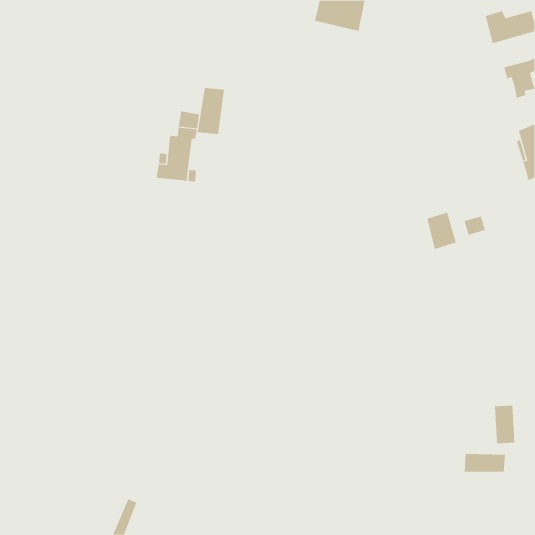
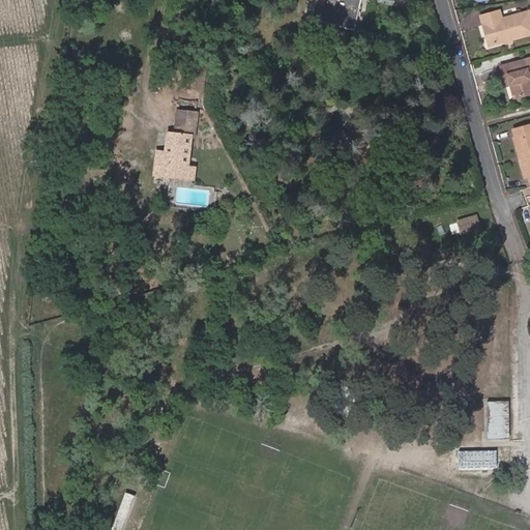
building: [197,87,224,135] -> none
building: [427,212,457,250] -> none

